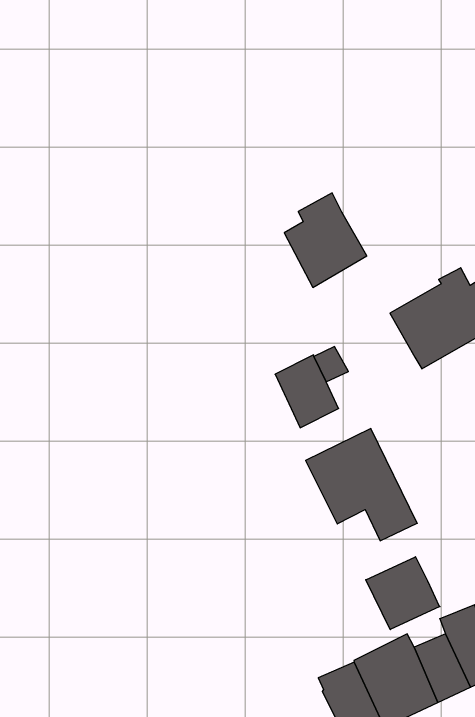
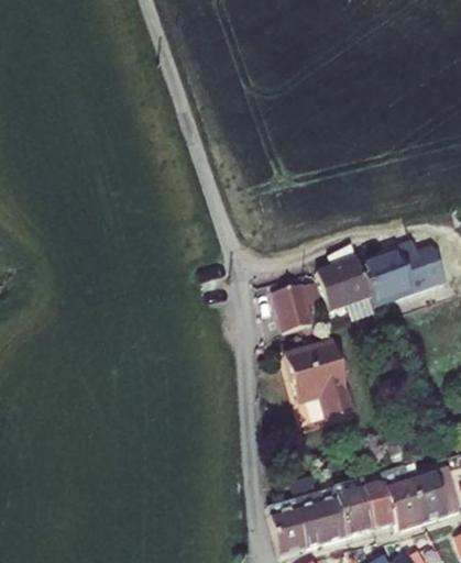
building: [284,193,367,287] -> [317,249,371,311]
building: [366,557,440,630] -> none

